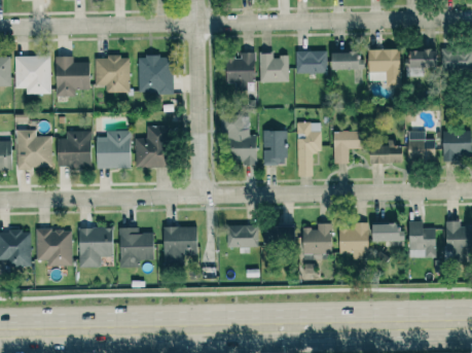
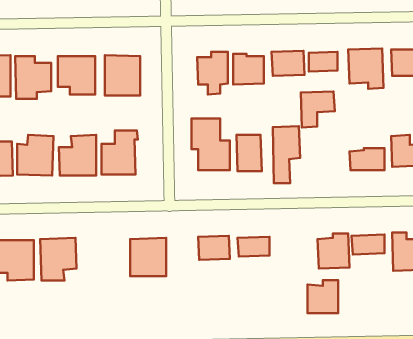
building: [334,130,366,164] -> [301,91,335,128]
building: [303,223,332,254] -> [308,280,338,313]
building: [119,226,154,267] -> none

